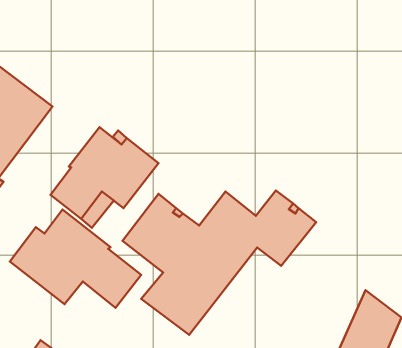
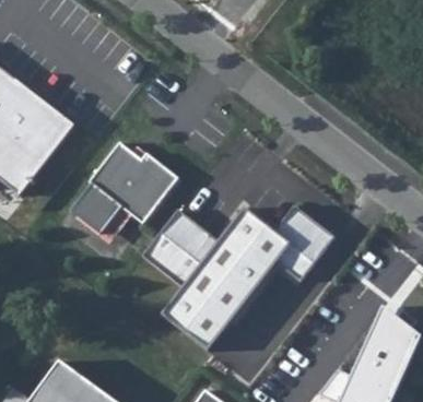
building: [10,210,141,308] -> none

